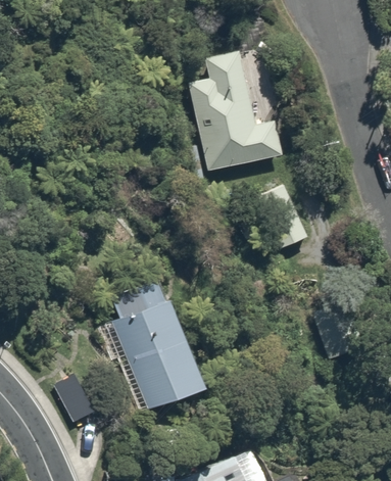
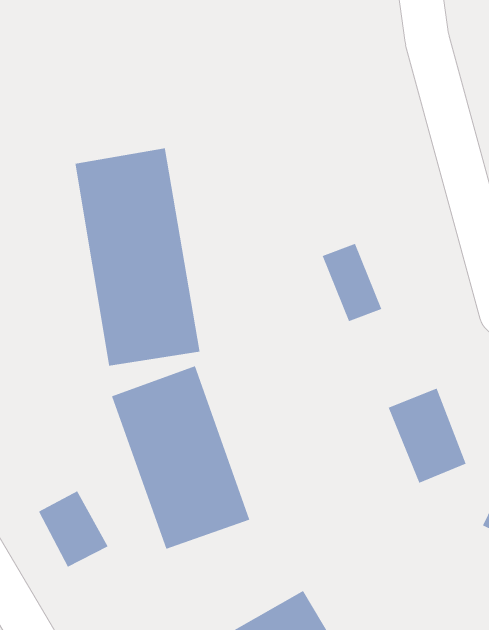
building: [184,49,285,174] -> none
building: none -> [75,147,200,367]

